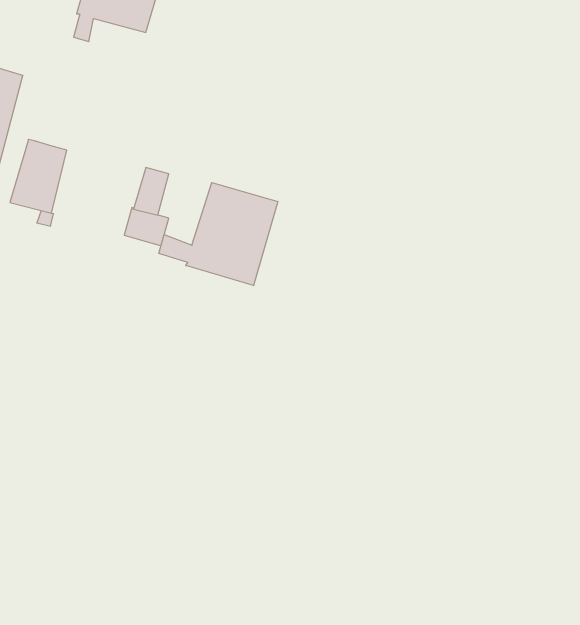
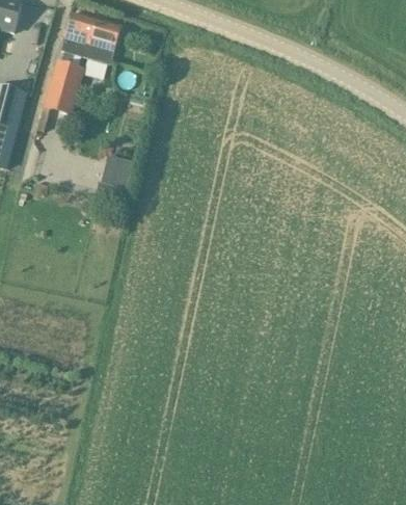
building: [10,139,67,213] -> [45,63,83,113]
building: [159,183,278,286] -> none

